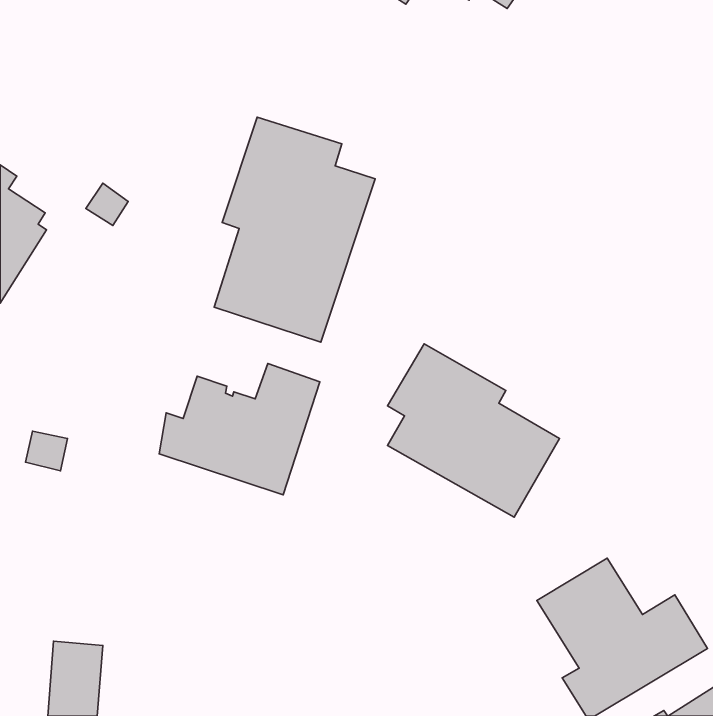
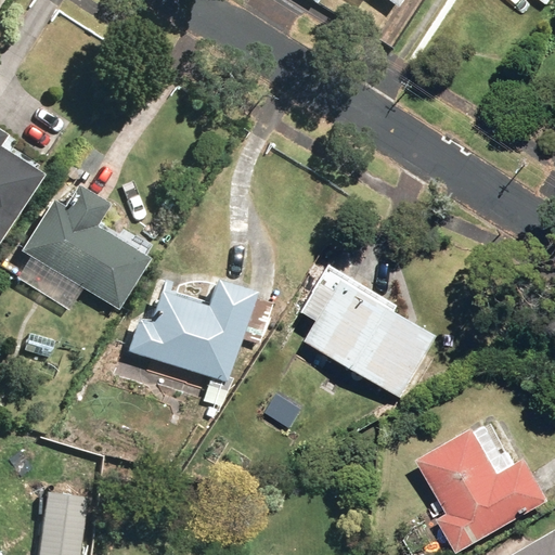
building: [214,117,375,342] -> none
building: none -> [15,184,156,310]

